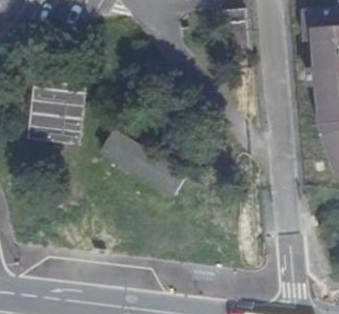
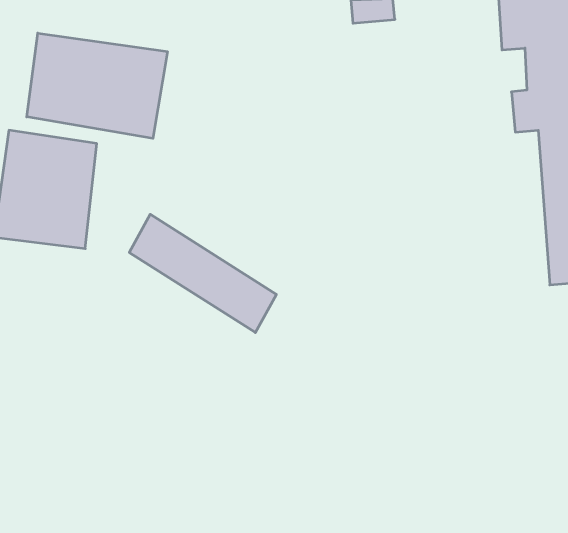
building: none -> [27,33,167,138]

